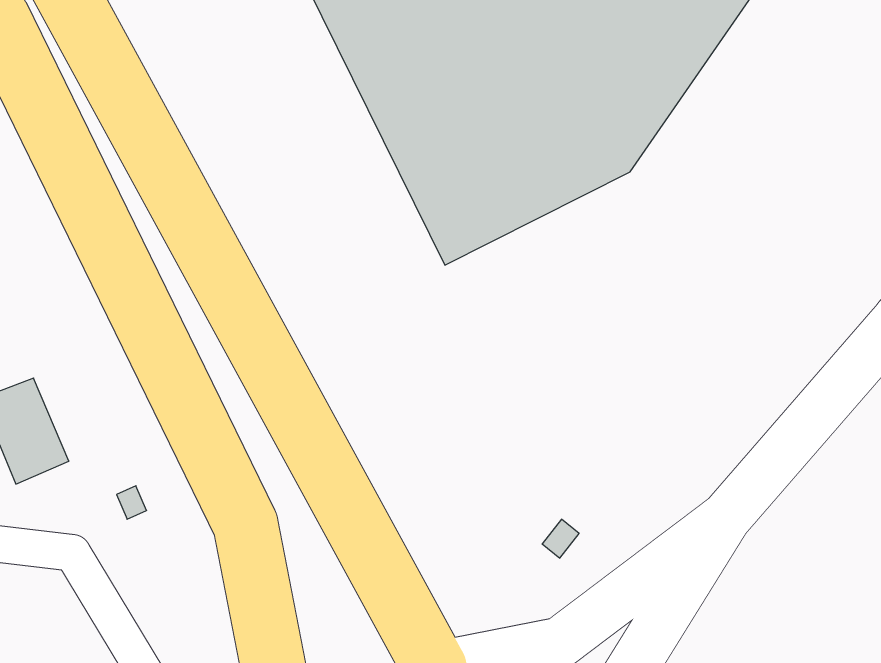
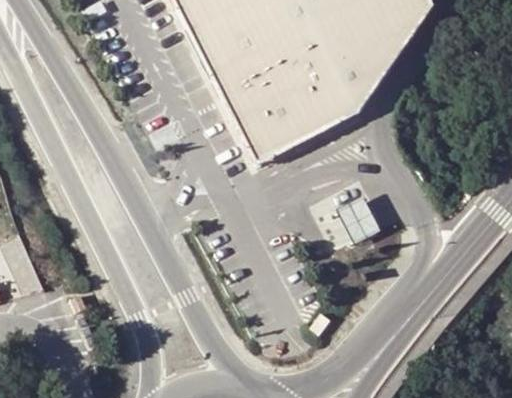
building: none -> [336,192,380,241]

